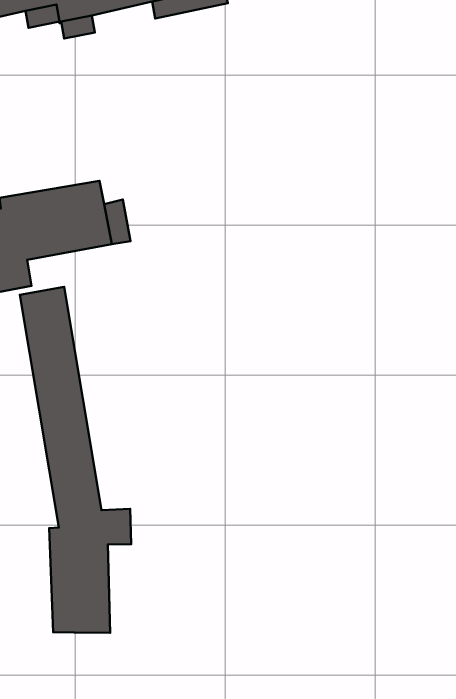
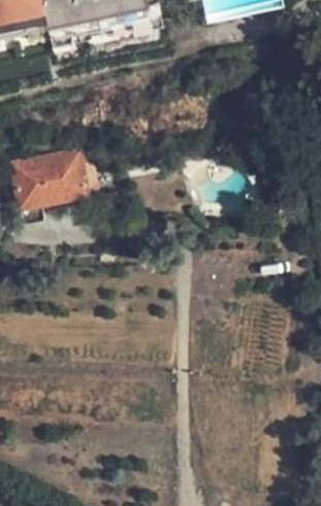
building: [20,287,131,633] -> none

